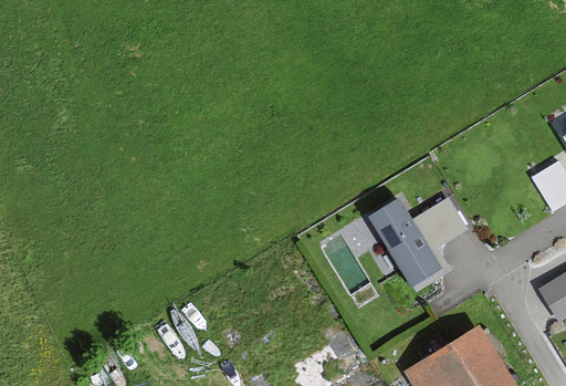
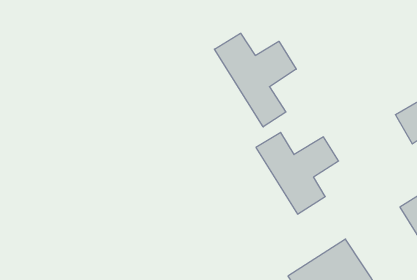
building: none -> [214,33,296,127]

